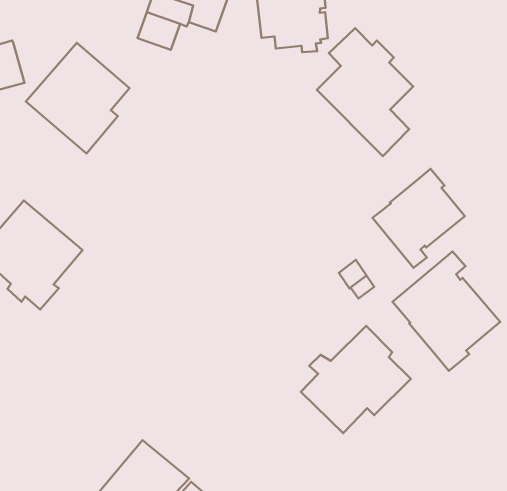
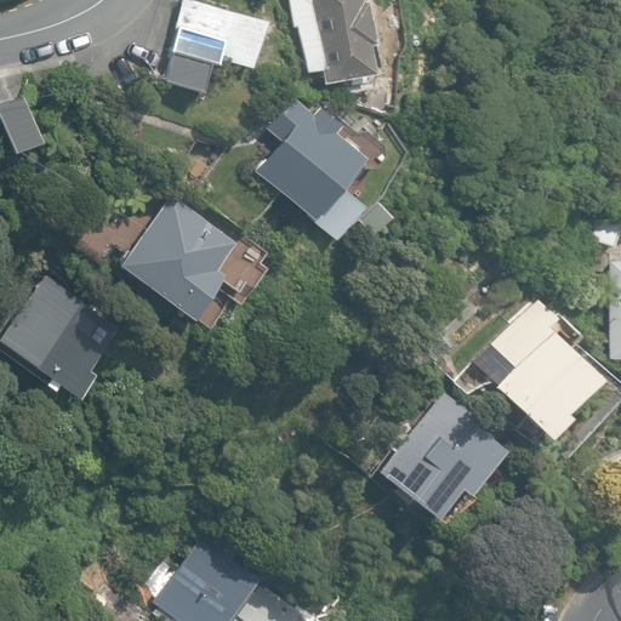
building: [317,28,413,156] -> [257,97,366,240]
building: [26,43,129,154] -> [121,195,238,320]
building: [373,169,465,268] -> none

